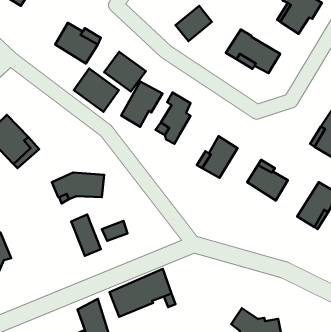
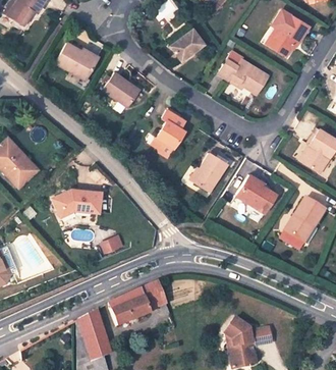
building: [74,69,119,112] -> none
building: [121,81,162,127] -> none
building: [71,215,101,256] -> none

